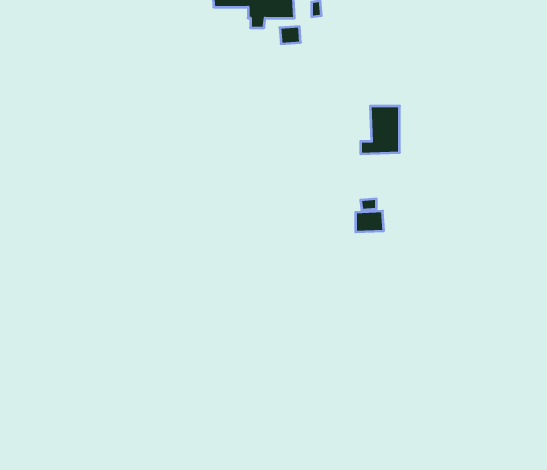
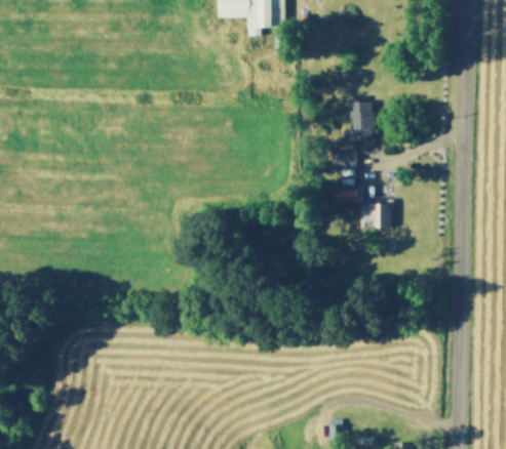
building: none -> [332,149,356,169]
building: none -> [359,198,393,228]

